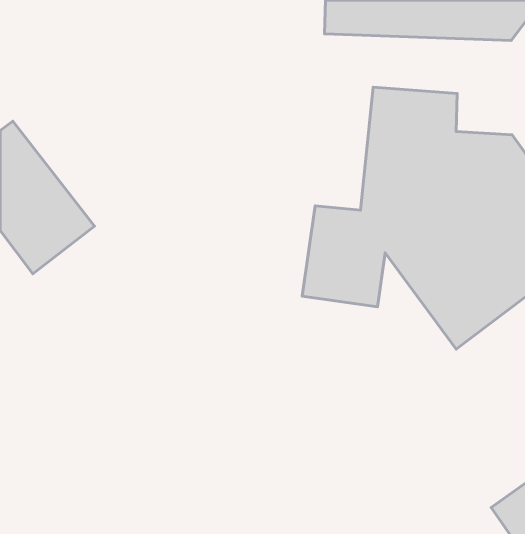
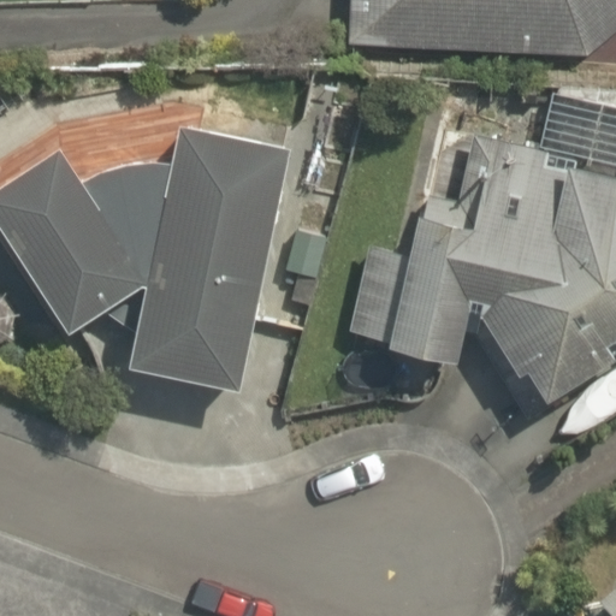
building: none -> [109,123,265,379]

